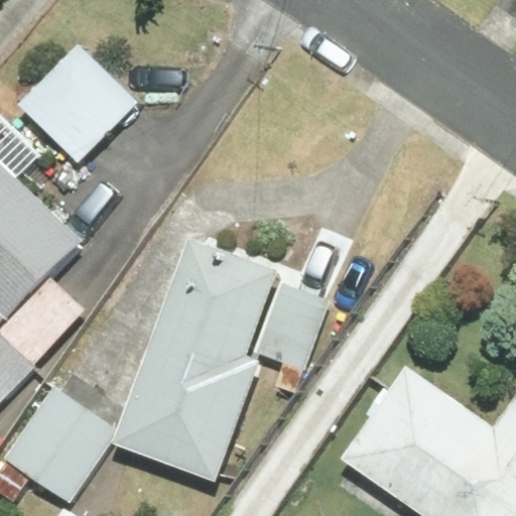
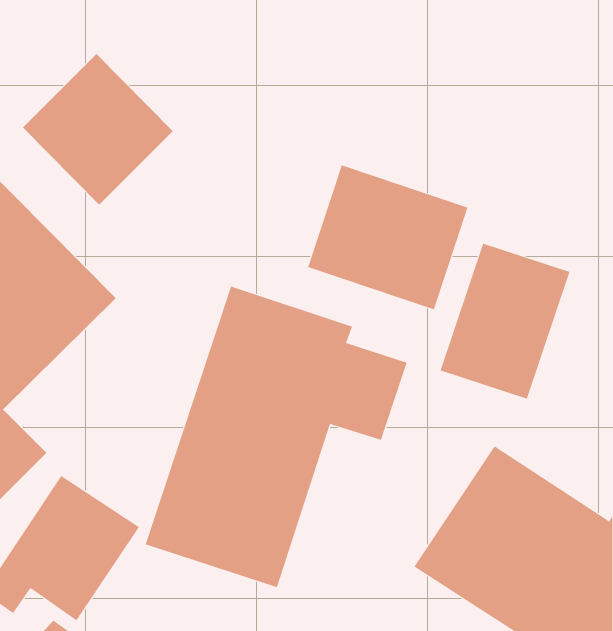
building: none -> [308,165,468,310]
building: none -> [440,243,570,400]

